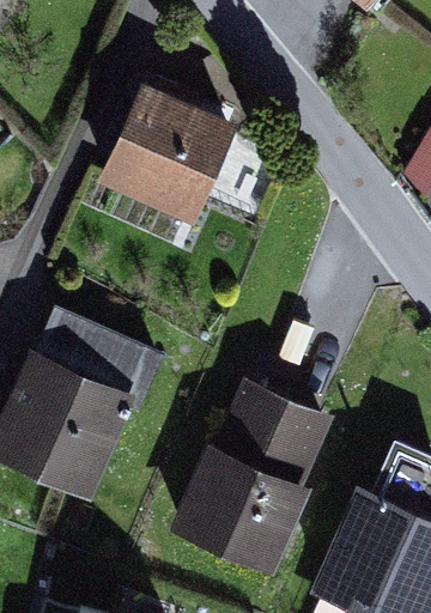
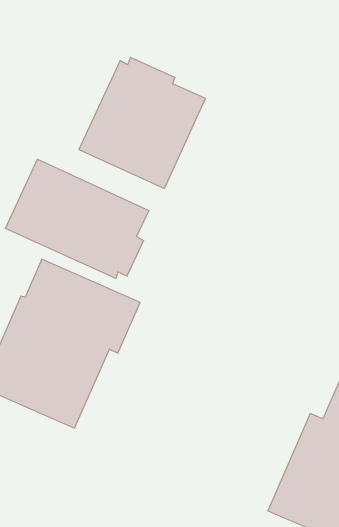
building: none -> [6,159,149,279]
building: [168,380,334,578] -> none

